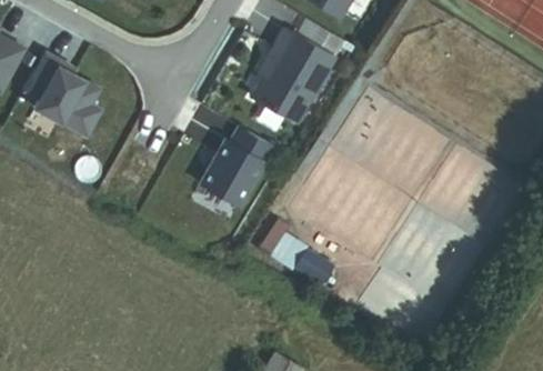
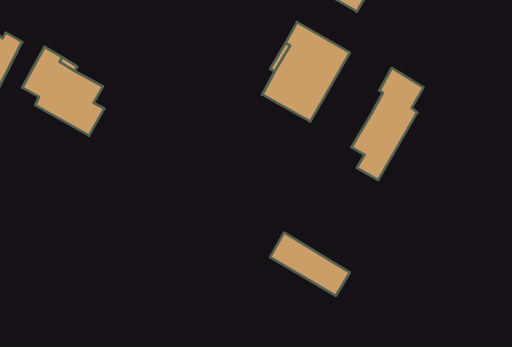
building: none -> [352,68,423,180]
building: [200,126,273,204] -> none

